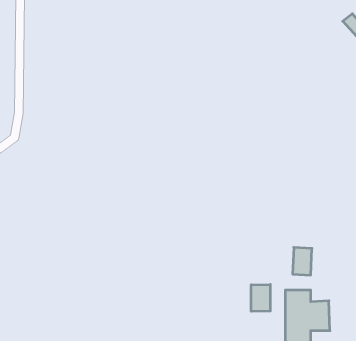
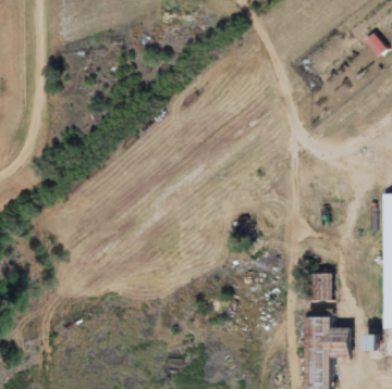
building: [251,284,270,311] -> none

